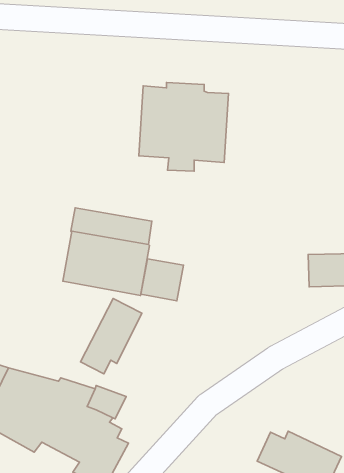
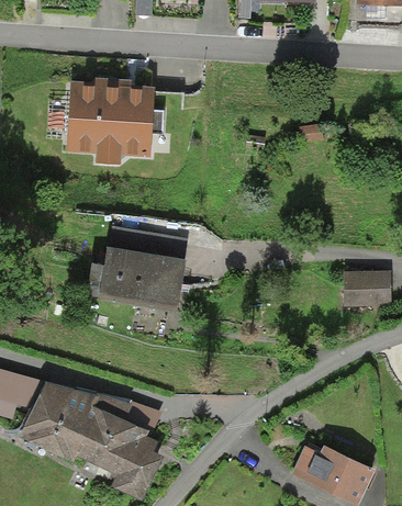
building: [139,82,229,171] -> [66,77,155,165]
building: [141,259,184,301] -> none
building: [81,299,142,374] -> none

